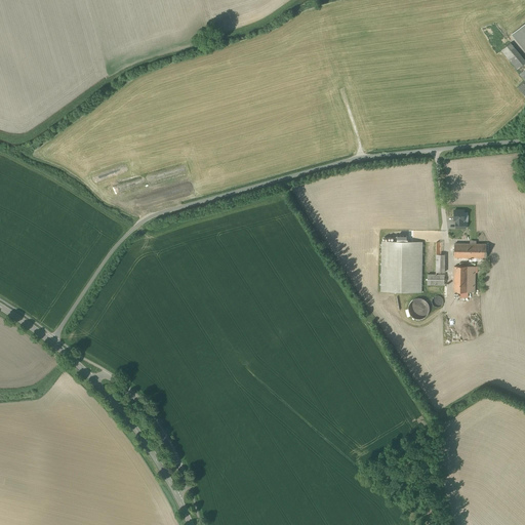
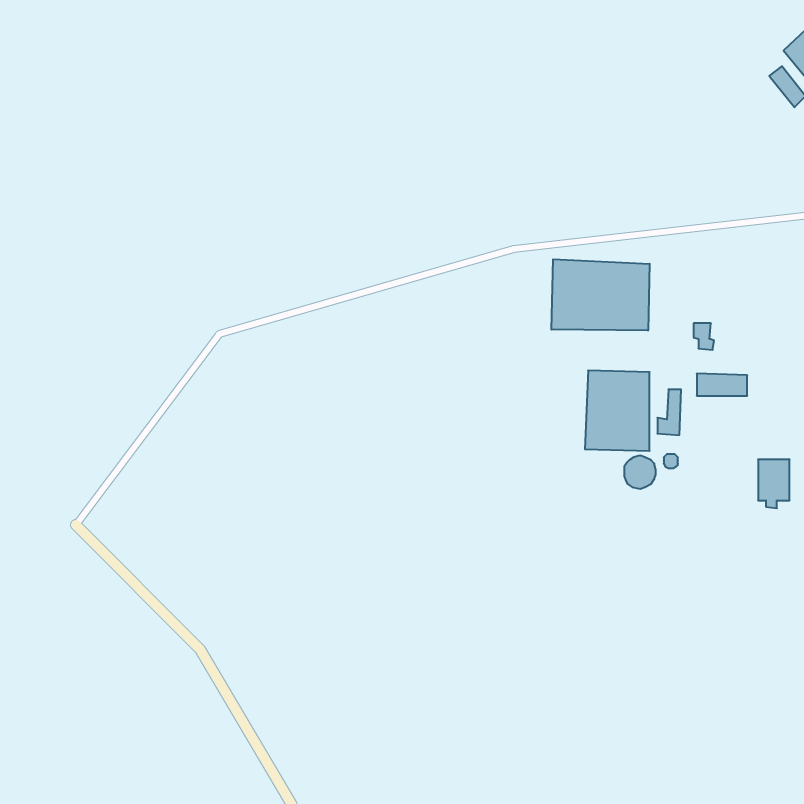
building: none -> [551,259,650,331]
building: [454,266,475,297] -> [758,459,790,508]

